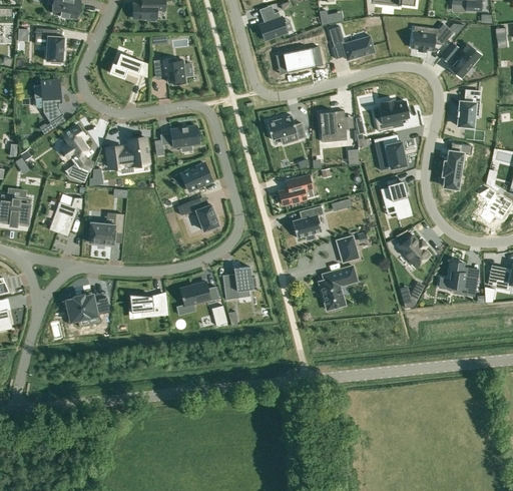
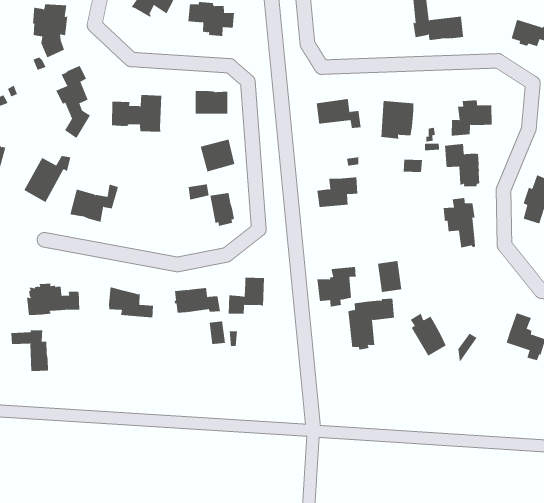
building: [283,46,323,70] -> none
building: [292,205,323,240] -> [317,267,357,307]
building: [397,233,429,267] -> [410,313,446,356]
building: none -> [11,329,49,372]

